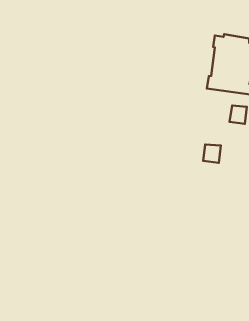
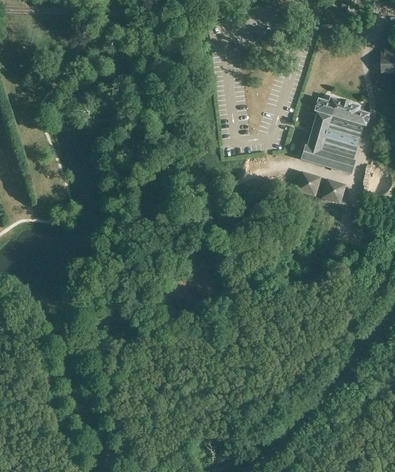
building: [203,144,221,163] -> [298,175,321,199]

